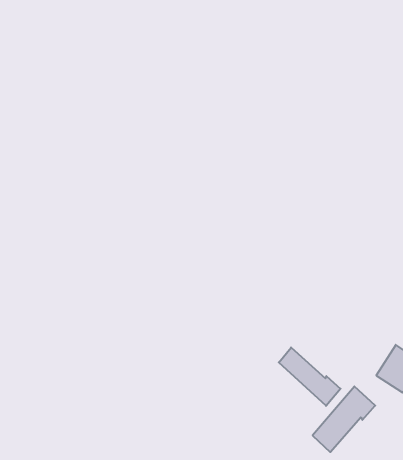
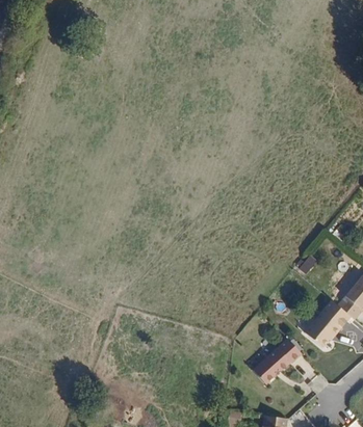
building: [279,347,341,406] -> none

